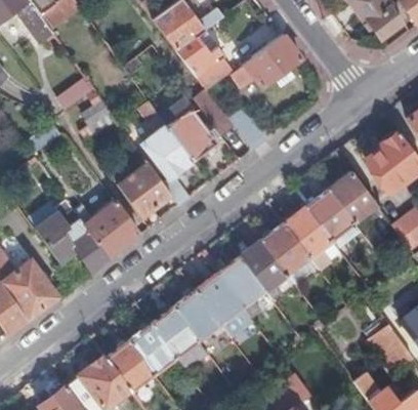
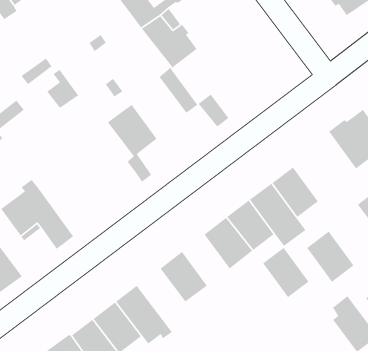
building: [233,35,301,87] -> none
building: [160,98,216,161] -> none
building: [117,163,171,218] -> none
building: [328,171,376,223] -> [306,230,355,283]
building: [75,199,140,258] -> none
building: [217,256,264,307] -> [262,247,310,298]
building: [172,290,220,341] -> none

